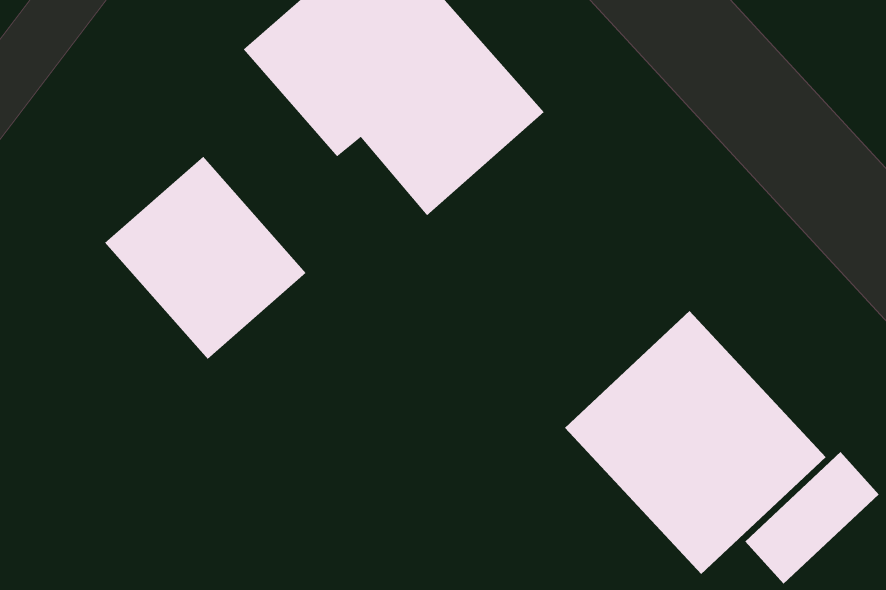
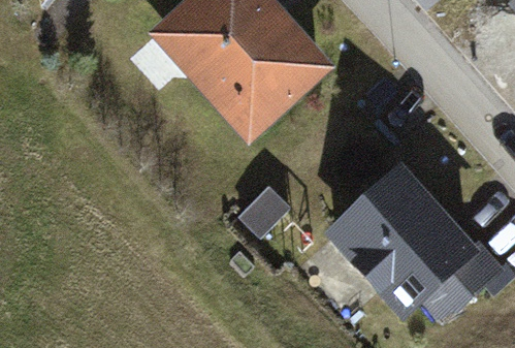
building: [104,156,306,360] -> none

